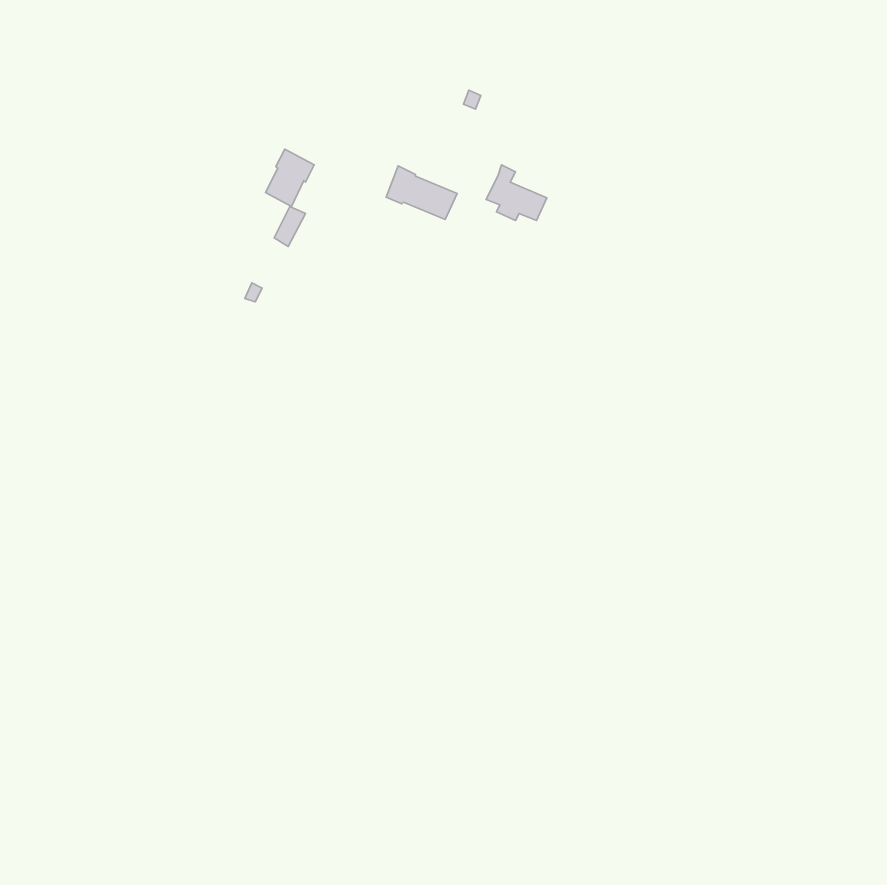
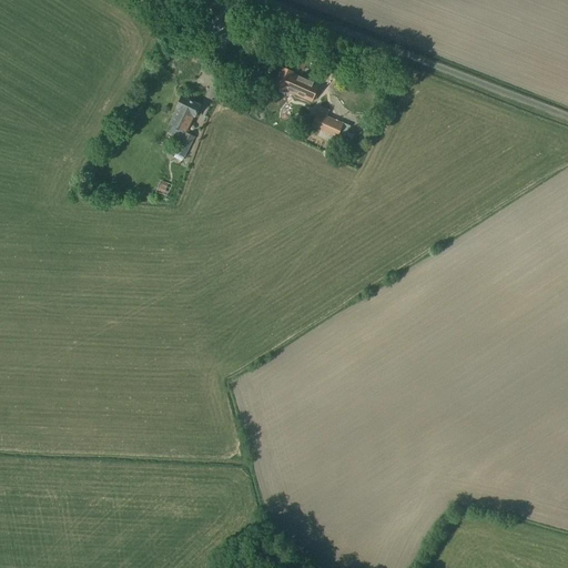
building: [386,166,457,220] -> [274,67,320,101]

